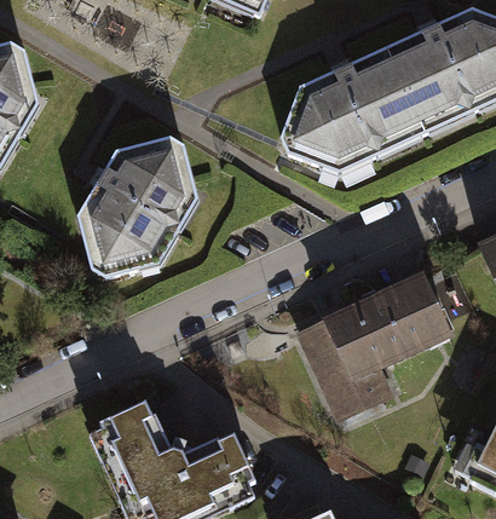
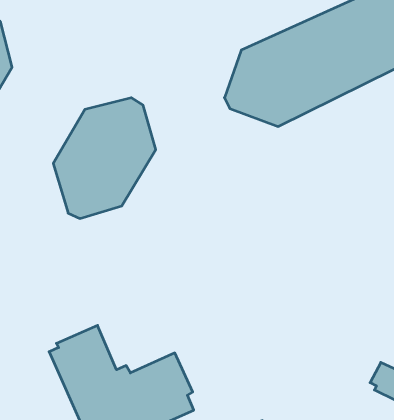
building: [302,273,449,410] -> none

